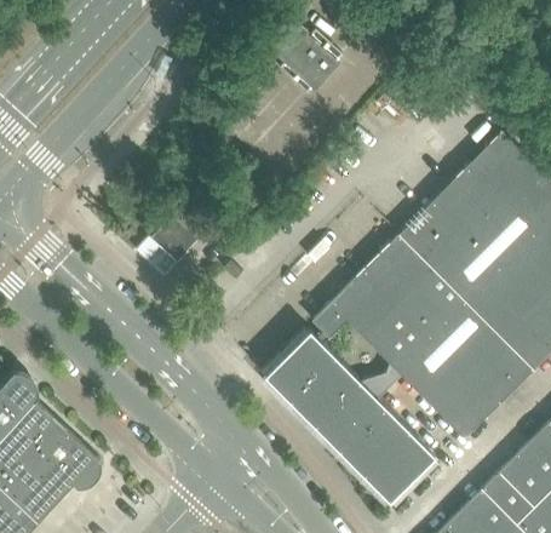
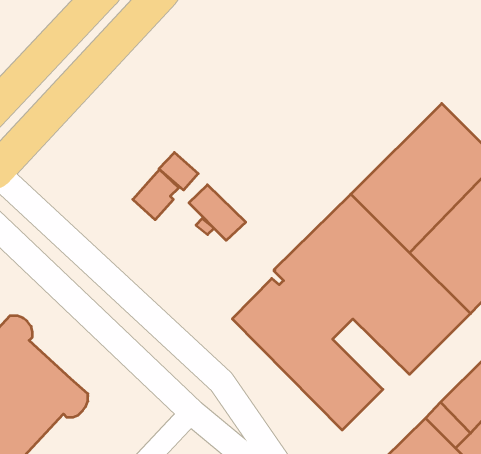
building: [269,24,343,96] -> none
building: none -> [159,152,198,190]
building: none -> [189,185,246,240]

